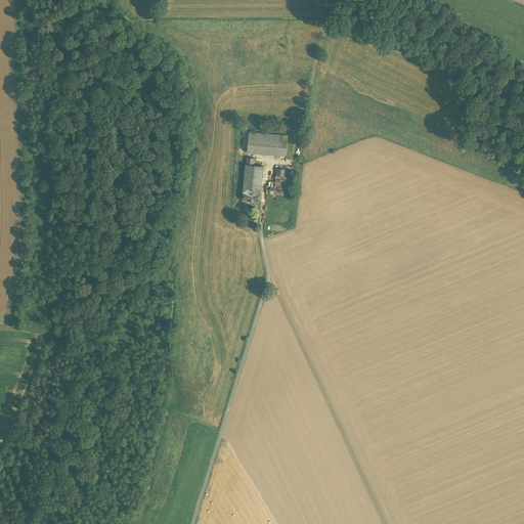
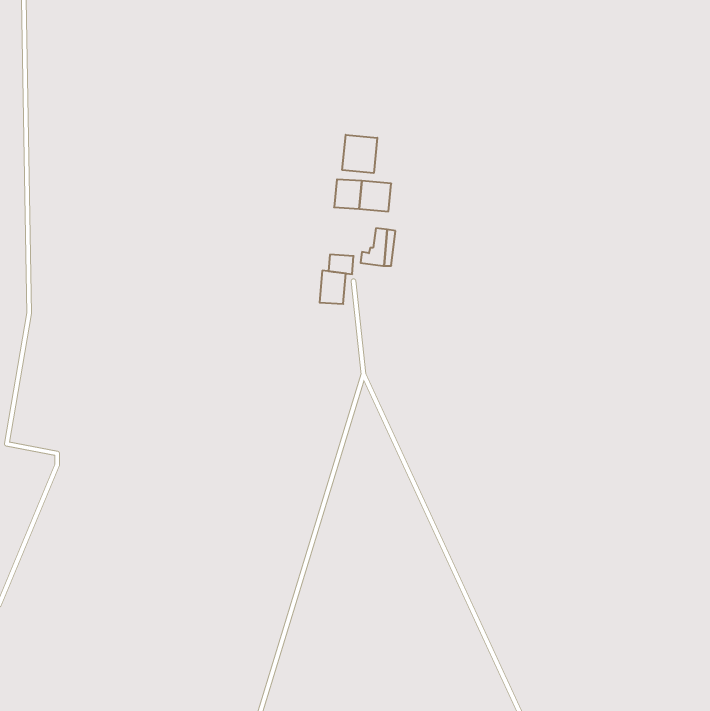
building: none -> [342,135,377,173]
building: [243,164,262,188] -> [320,271,346,304]

